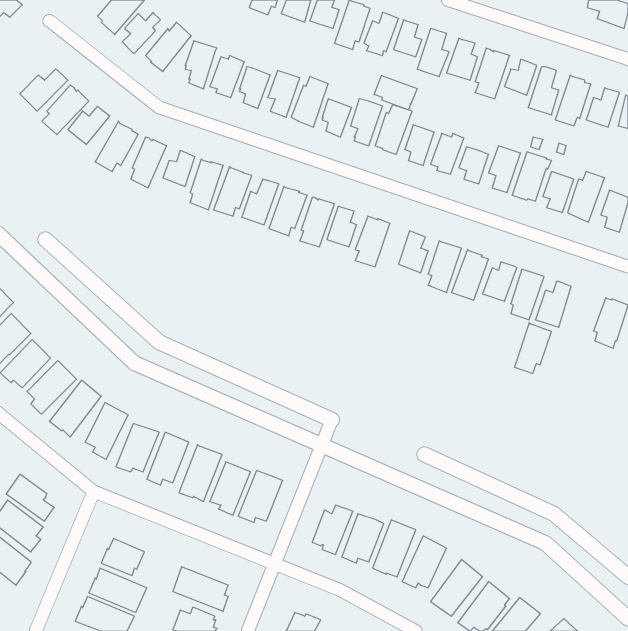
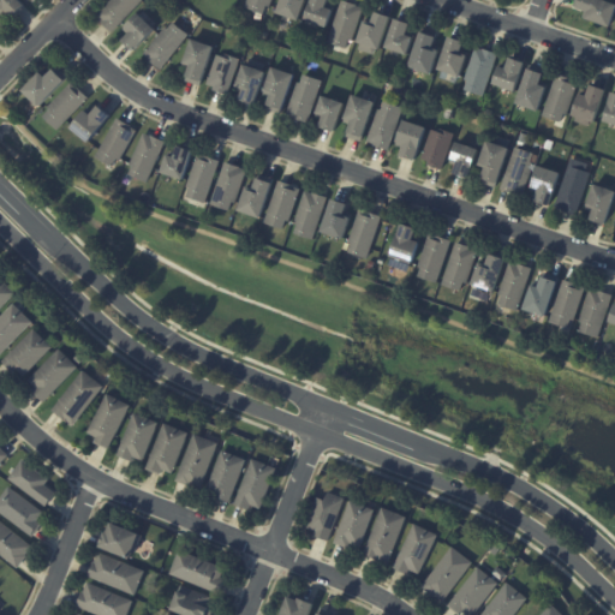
building: [374,75,417,110] -> none
building: [514,323,551,373] -> [548,280,584,329]

